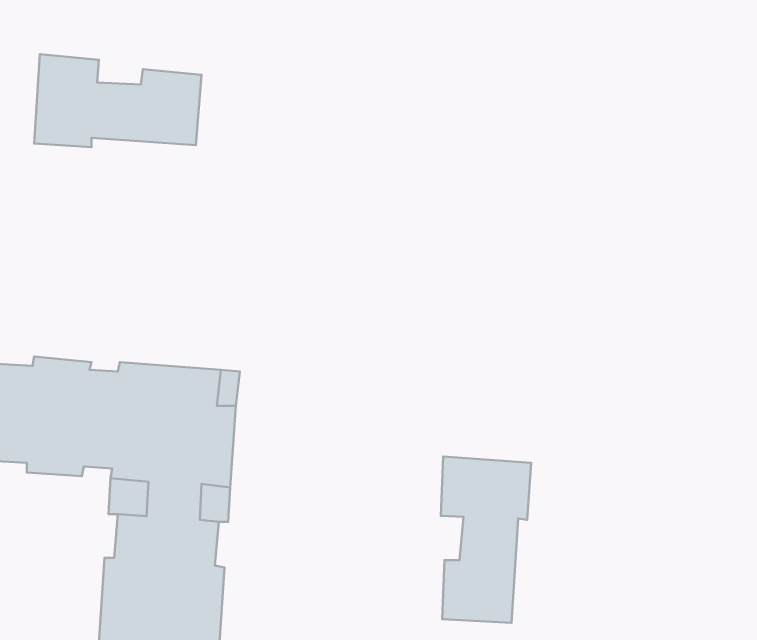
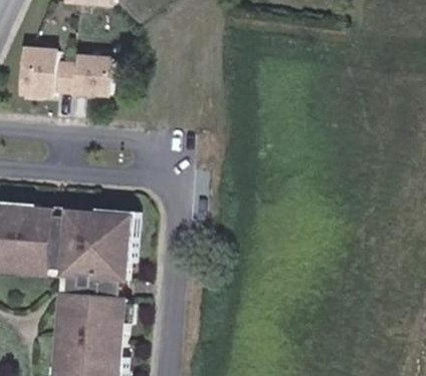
building: [441,457,531,623] -> none

